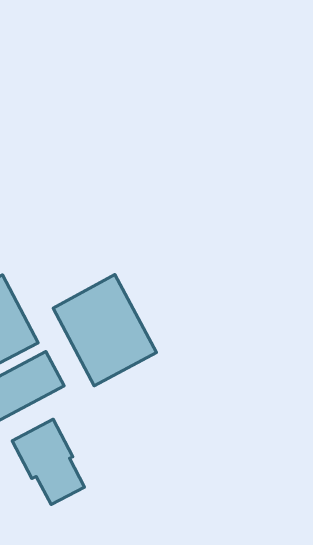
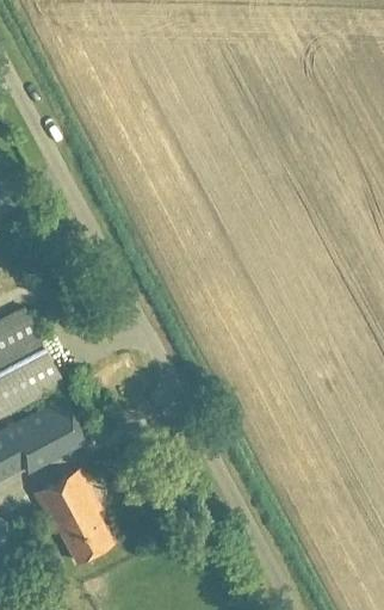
building: [53,275,157,386] -> none

